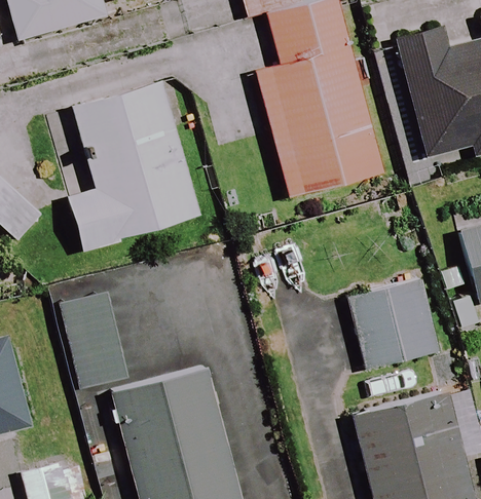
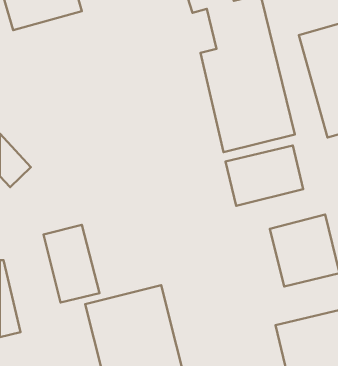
building: [69,80,200,248] -> none
building: none -> [225,146,303,206]

